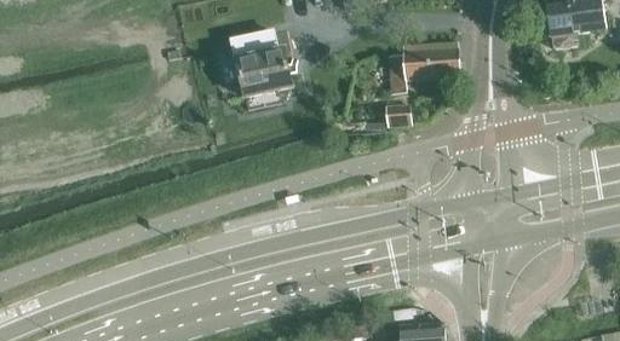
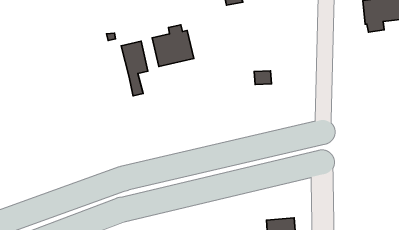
building: [389,42,460,94] -> none
building: none -> [121,41,148,96]

